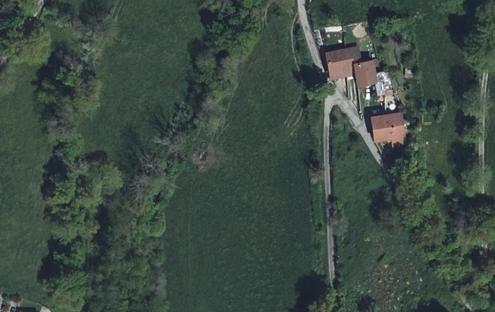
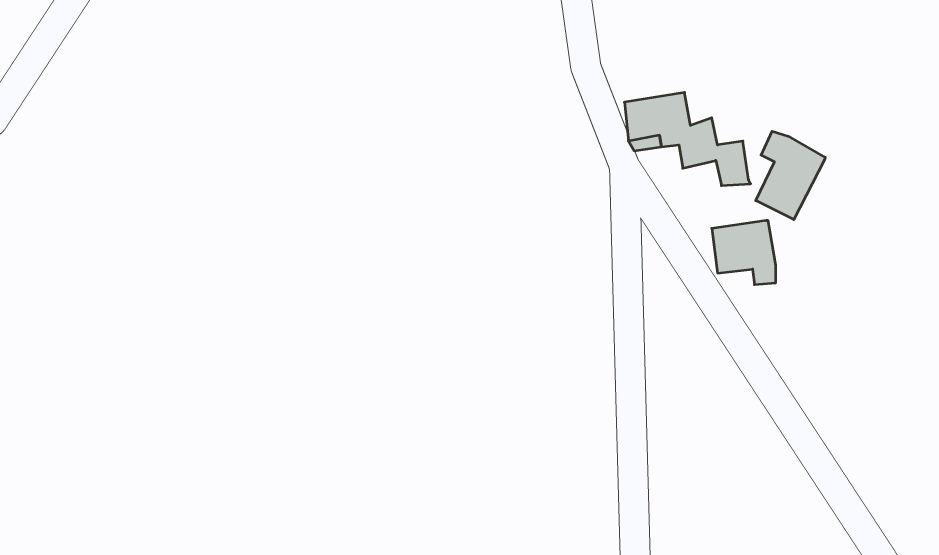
building: none -> [756,131,825,220]

